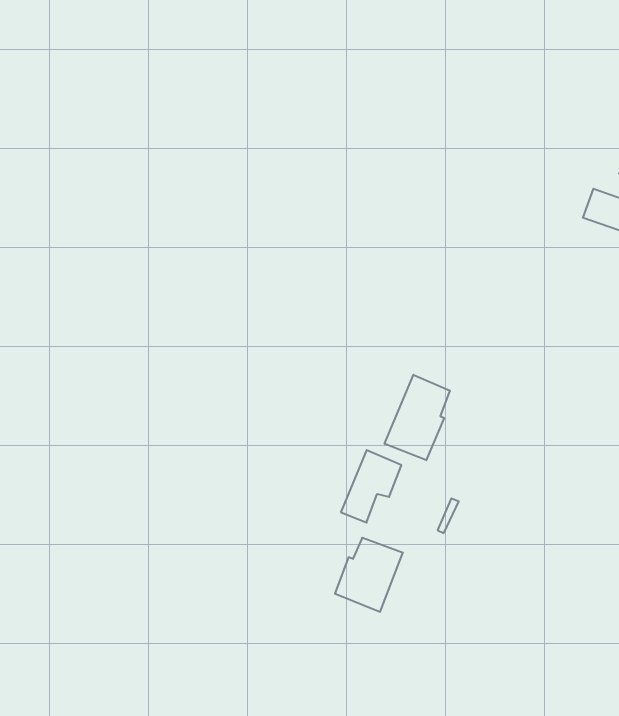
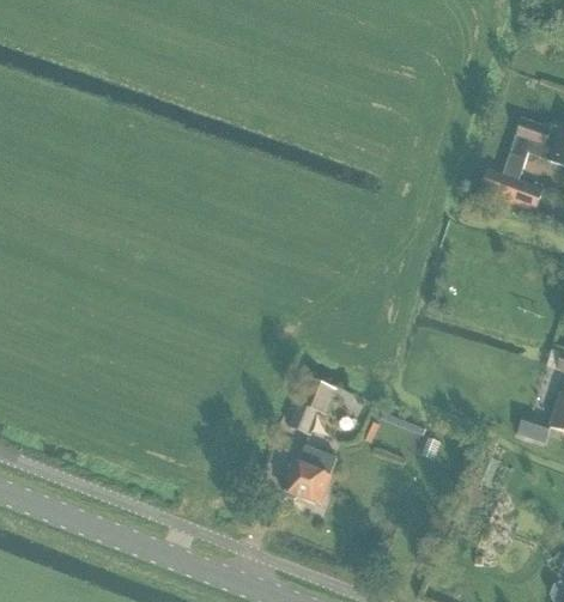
building: [385,375,450,460] -> none

